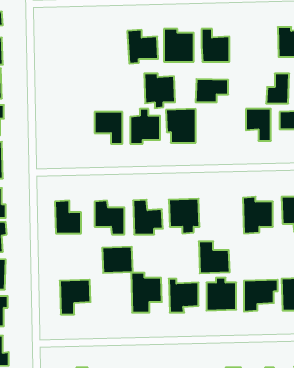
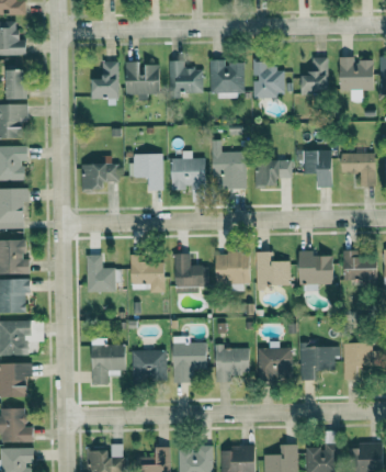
building: none -> [92,61,118,99]
building: [144,73,175,108] -> [125,61,160,101]
building: [266,74,289,103] -> [302,58,328,92]
building: [196,79,228,102] -> [254,160,292,187]
building: none -> [81,164,118,190]
building: [199,241,230,273] -> [256,251,291,288]
building: [102,247,133,273] -> [132,350,167,380]

